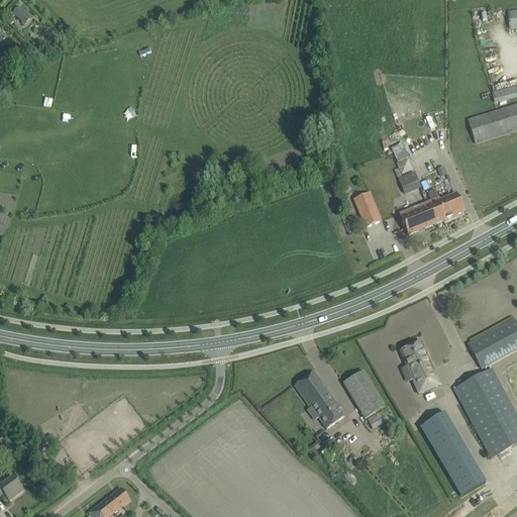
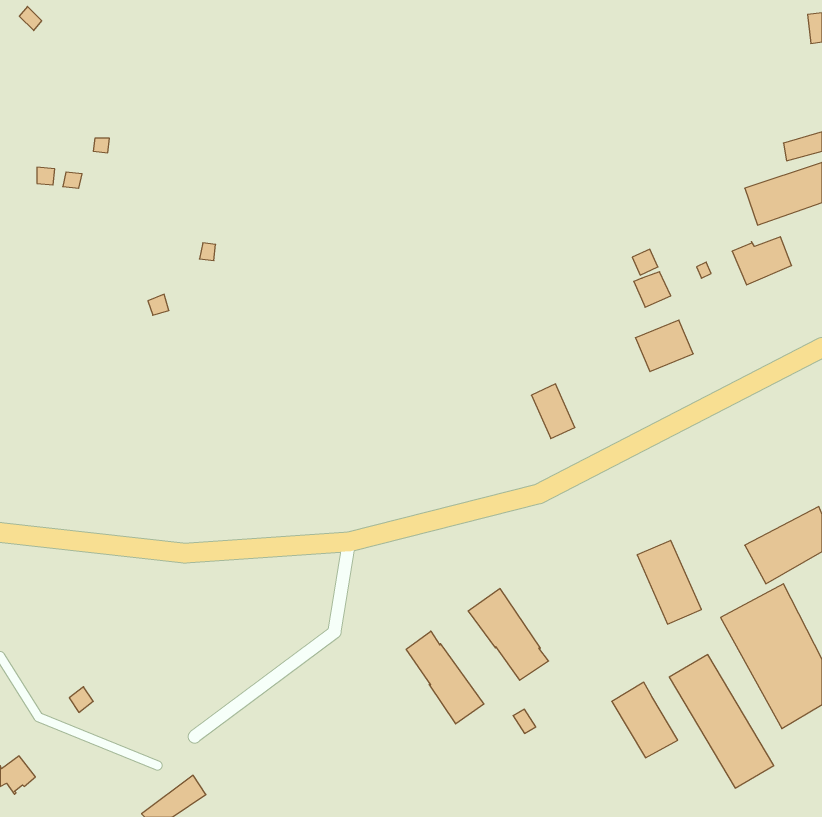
building: [354,191,382,225] -> [531,384,575,439]
building: [426,192,463,222] -> [732,237,792,285]
building: [343,370,385,417] -> [612,682,678,758]
building: none -> [406,631,484,724]

